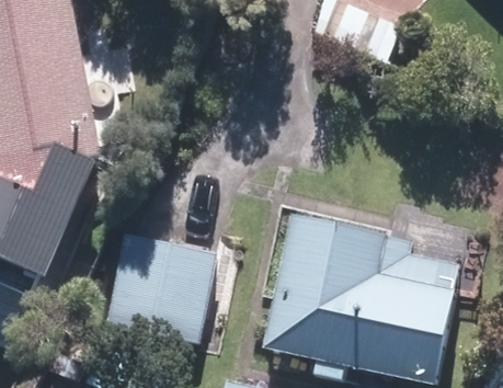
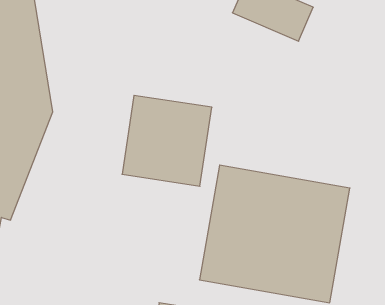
building: [107,232,215,341] -> [122,95,212,186]

